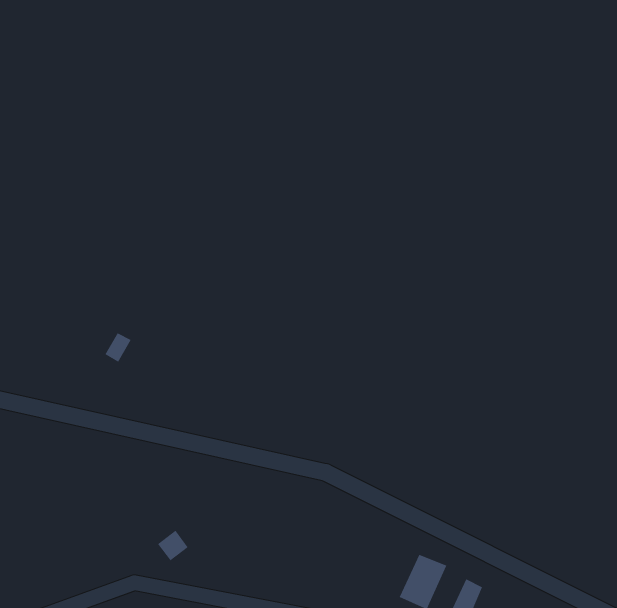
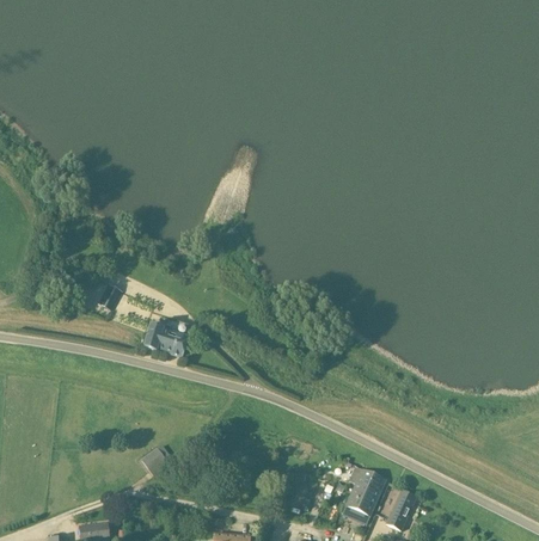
building: none -> [143,324,189,356]

